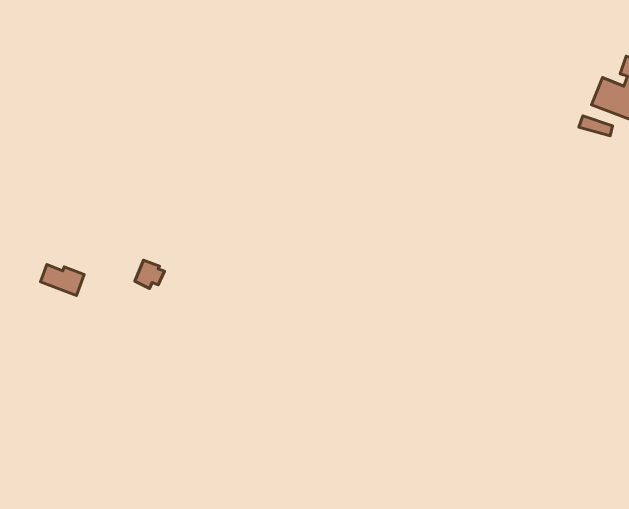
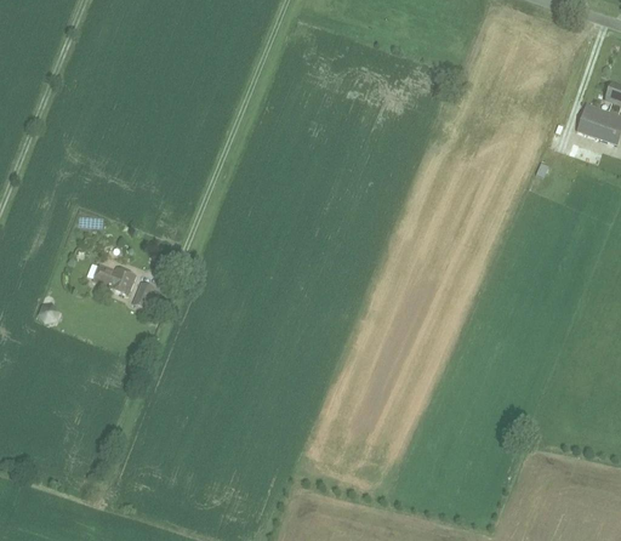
building: [41,264,84,296] -> [93,263,136,294]

